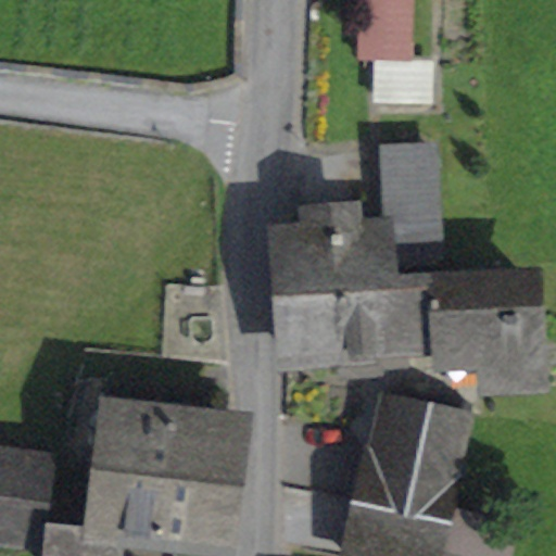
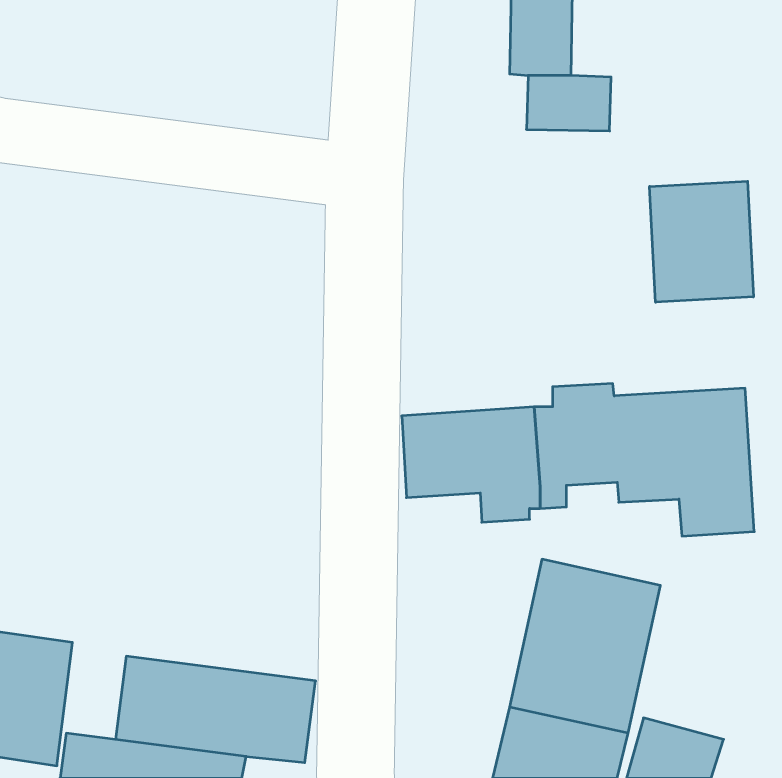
building: none -> [650,181,753,302]
building: [279,143,433,293] -> none
building: [89,376,233,480] -> none

